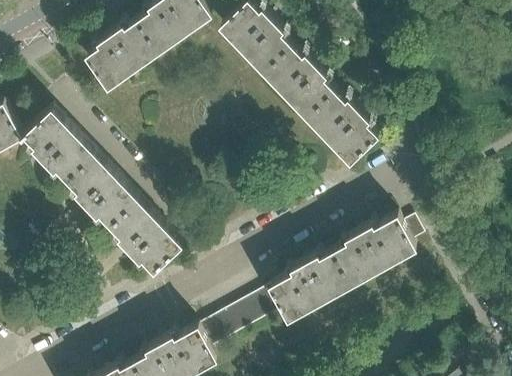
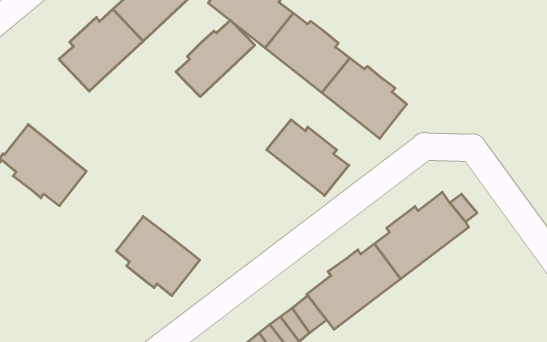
building: none -> [176,20,255,97]
building: none -> [267,120,349,196]
building: [67,158,137,229] -> none

